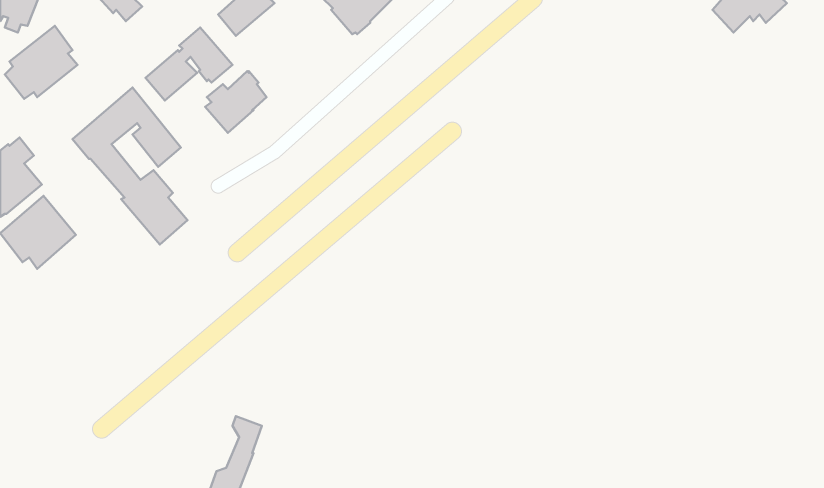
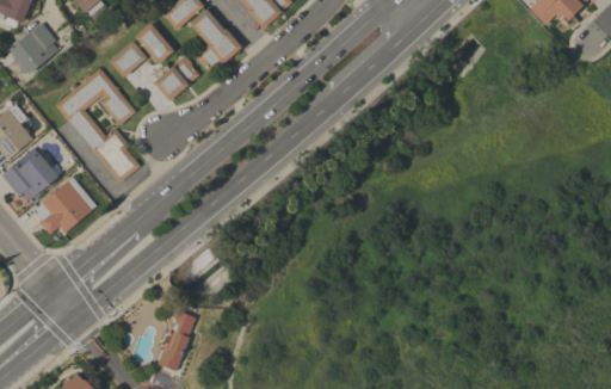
building: none -> [190,8,241,72]
building: none -> [32,177,95,234]

